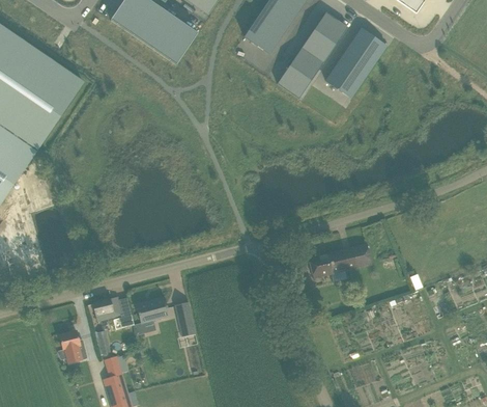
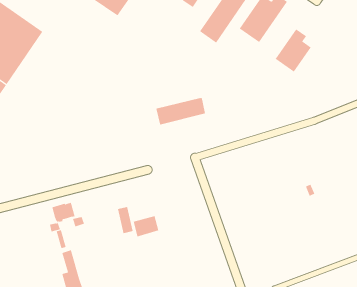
building: none -> [275,28,312,72]
building: [308,243,371,277] -> [155,98,206,125]
building: [136,296,169,323] -> [133,216,159,237]
building: [59,330,87,362] -> none

